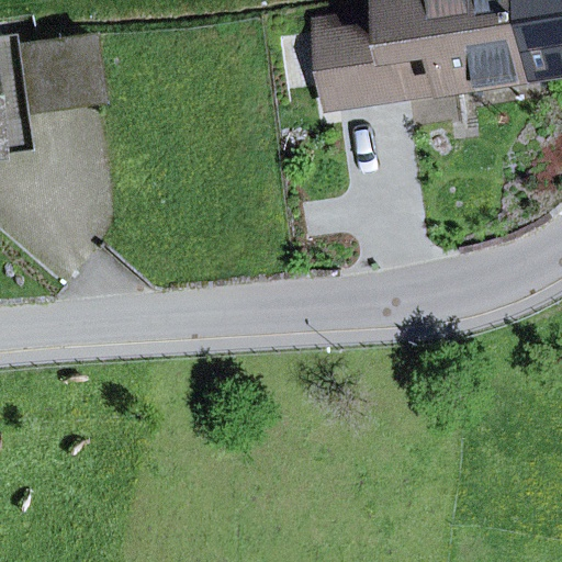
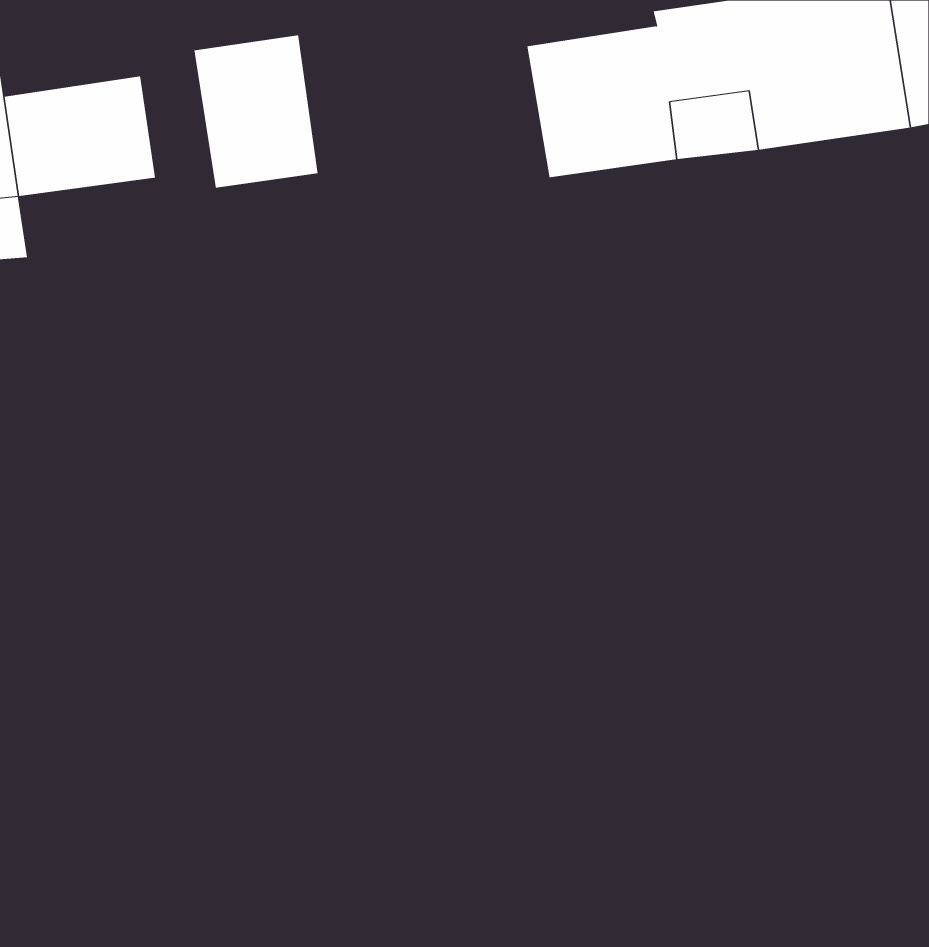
building: none -> [194,35,318,188]

